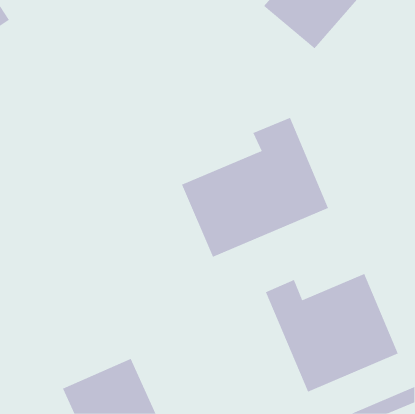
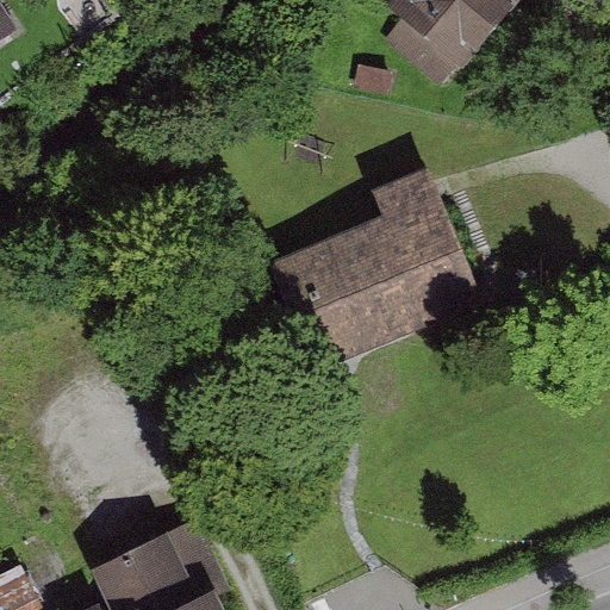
building: [265,273,398,392] -> none

